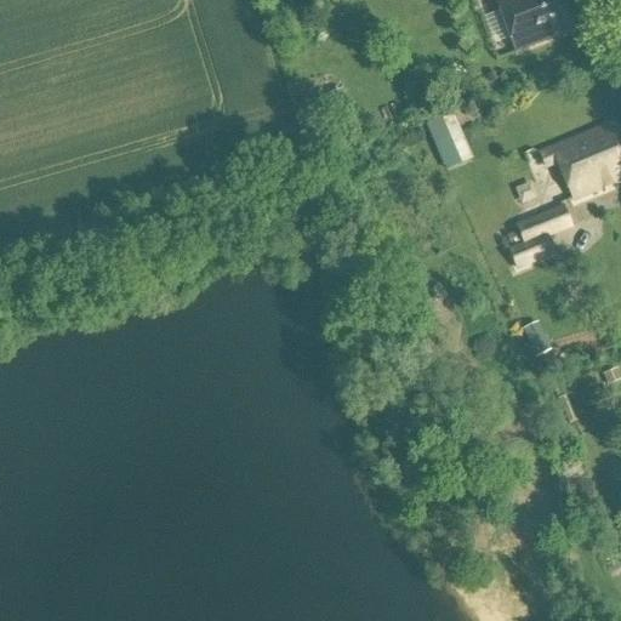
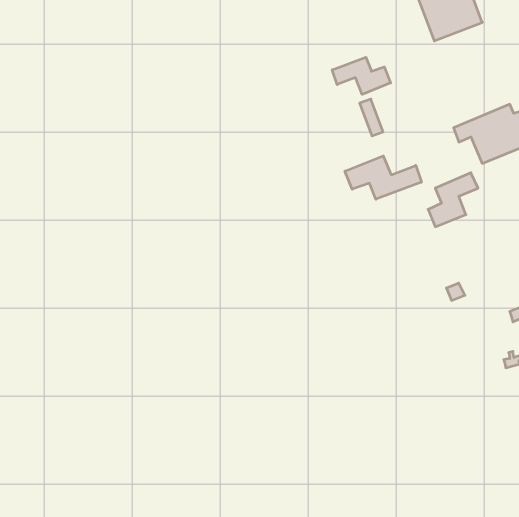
building: none -> [332,57,391,94]
building: none -> [345,156,421,199]

